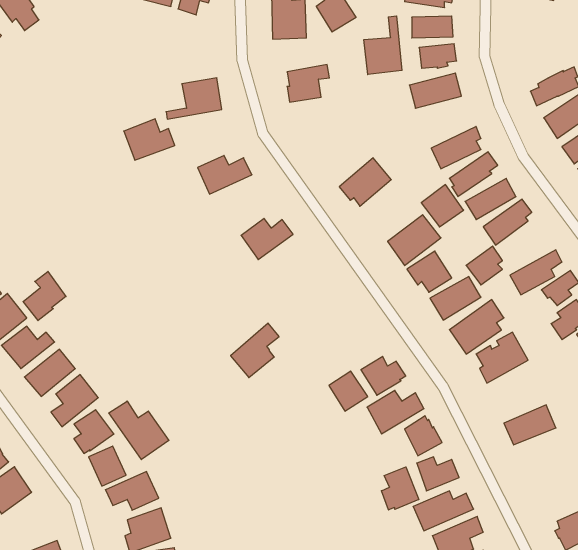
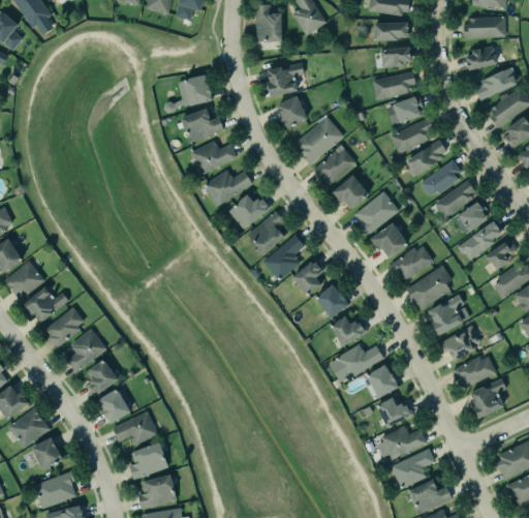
building: none -> [465,18,505,38]
building: [364,16,402,75] -> none
building: none -> [465,44,498,70]
building: none -> [386,94,424,125]
building: none -> [276,96,307,129]
building: [124,119,175,160] -> [181,109,224,144]
building: none -> [297,116,345,164]
building: [421,185,464,227] -> [334,175,370,211]
building: none -> [204,170,253,206]
building: none -> [248,211,285,253]
building: [466,246,502,285] -> [458,199,489,232]
building: [23,271,66,321] -> none
building: none -> [292,257,324,296]
building: [231,323,279,378] -> [263,234,305,280]
building: none -> [439,325,480,361]
building: [329,371,368,411] -> [316,284,349,318]
building: [109,401,169,460] -> none
building: none -> [469,379,506,419]
building: [381,467,419,510] -> none
building: none -> [33,437,67,469]

